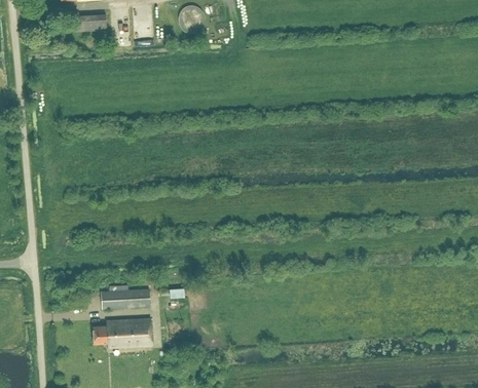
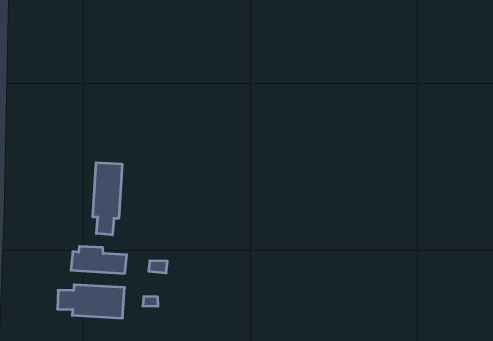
building: none -> [93,163,122,235]

